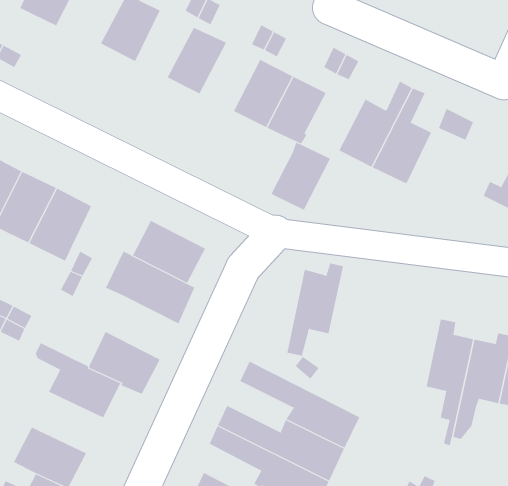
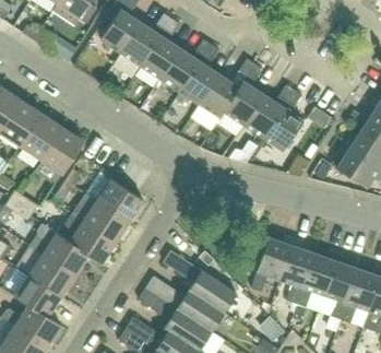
building: none -> [121,23,160,66]
building: none -> [159,48,200,92]
building: [271,142,331,210] -> [223,81,263,125]
building: [132,220,206,284] -> [82,200,129,243]
building: [286,263,344,356] -> [251,235,294,292]
building: none -> [28,255,74,296]

